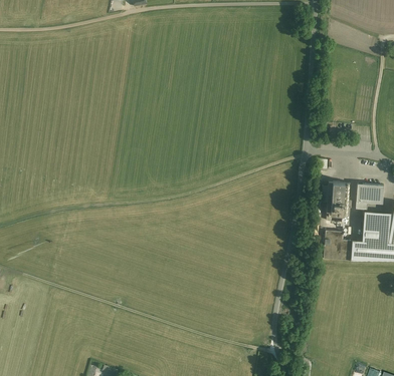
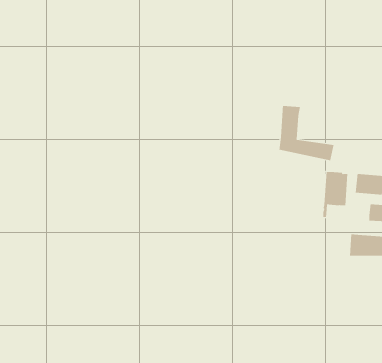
building: none -> [279,105,334,161]

